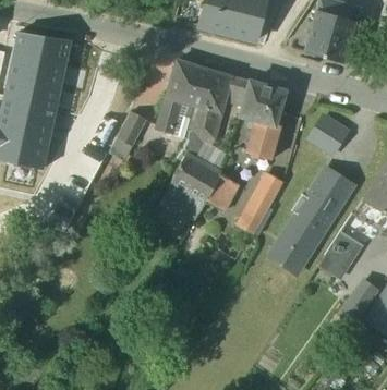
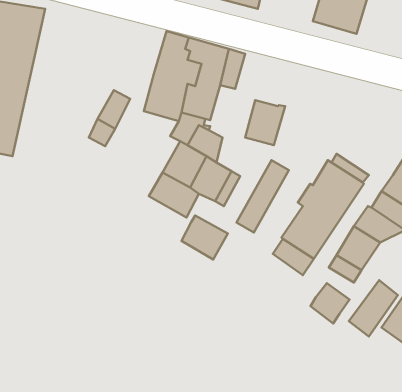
building: [239,81,285,125] -> none
building: [310,115,346,153] -> none
building: none -> [182,215,228,259]
building: none -> [310,283,349,324]

